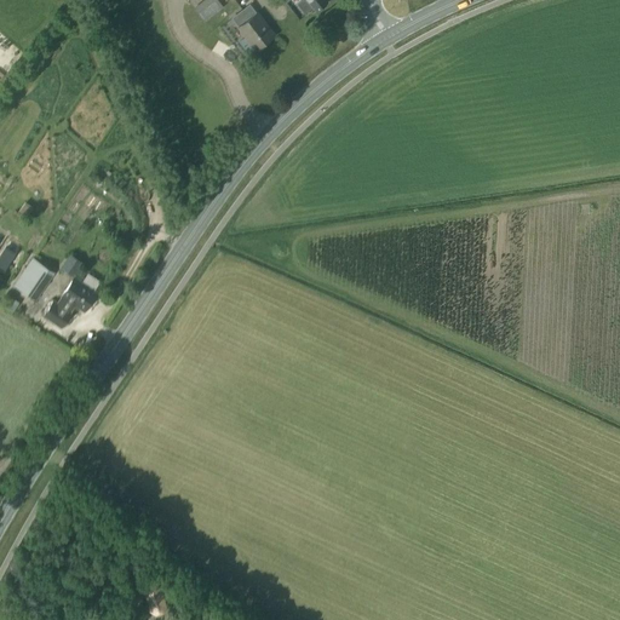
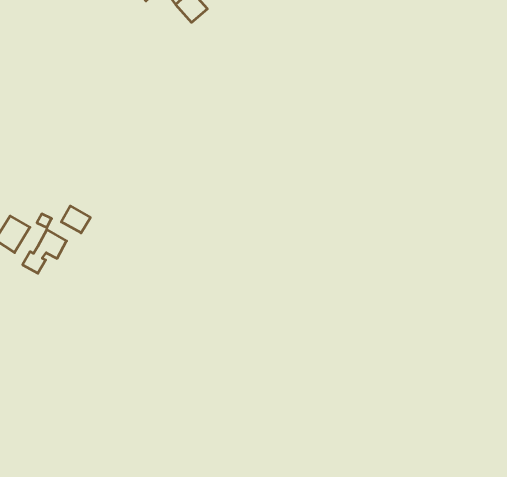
building: none -> [61,206,90,233]

